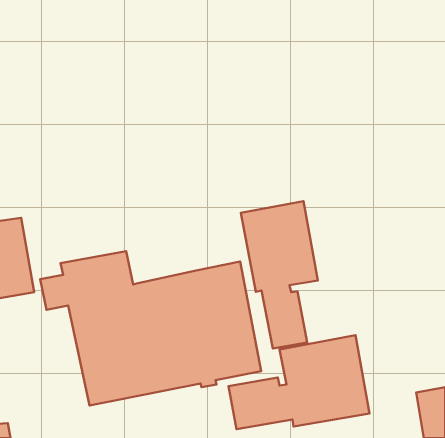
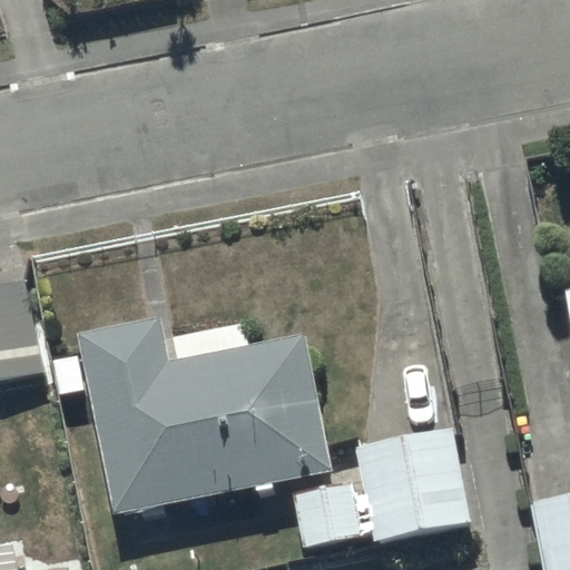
building: [241,201,318,349] -> none

